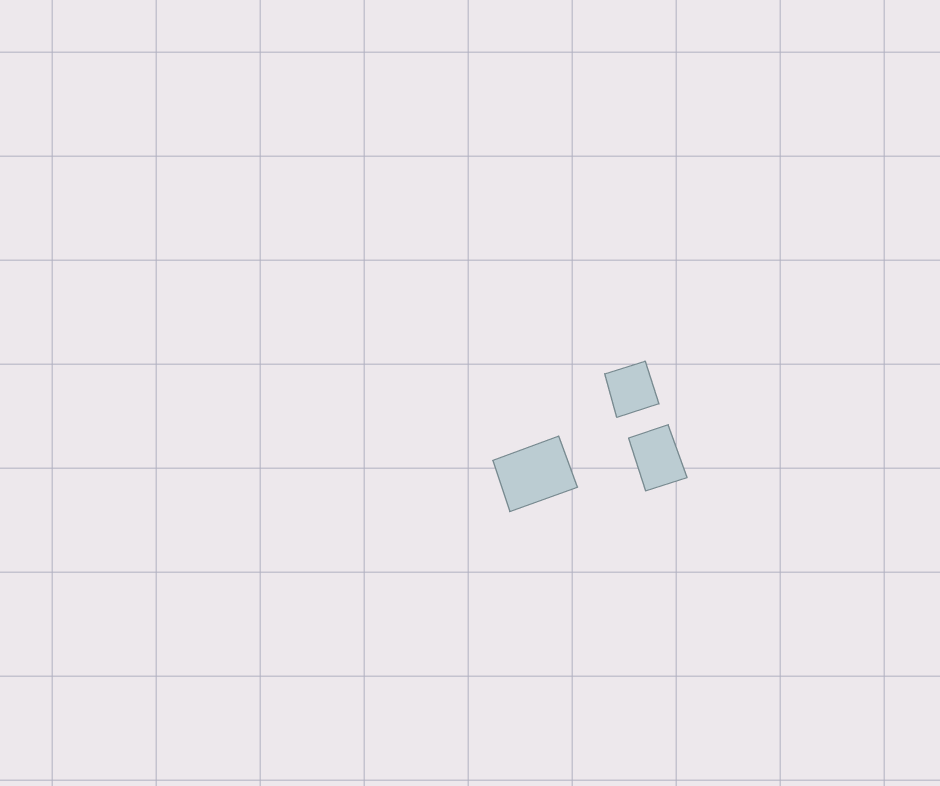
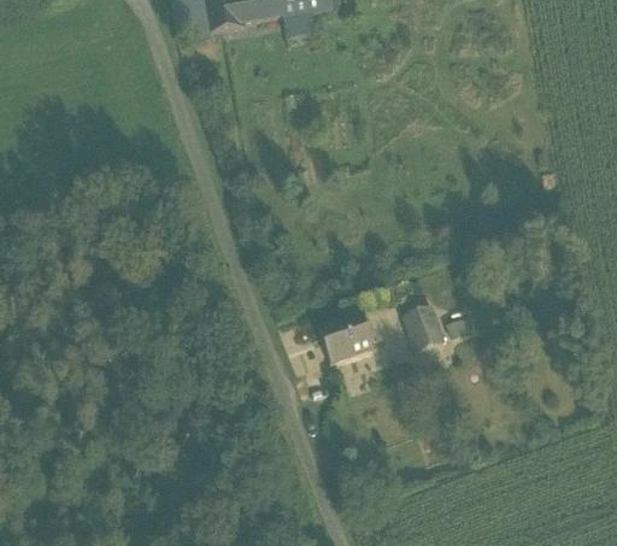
building: [605,361,659,417] -> none

